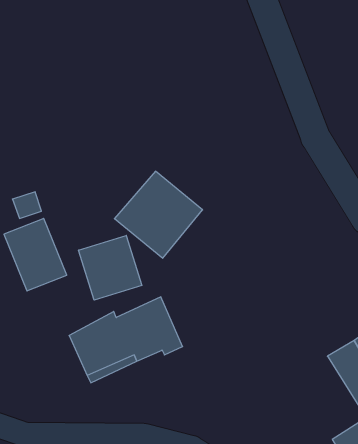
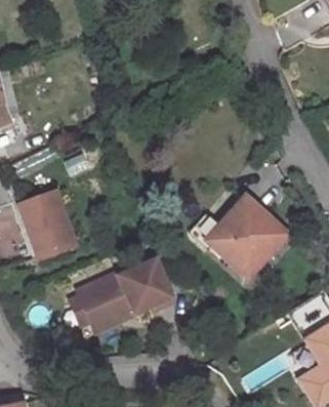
building: [114,171,203,258] -> [208,199,283,273]
building: [79,235,142,300] -> none

